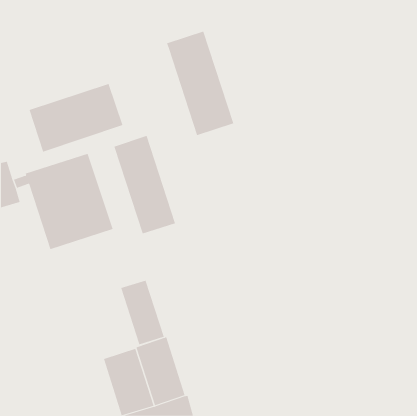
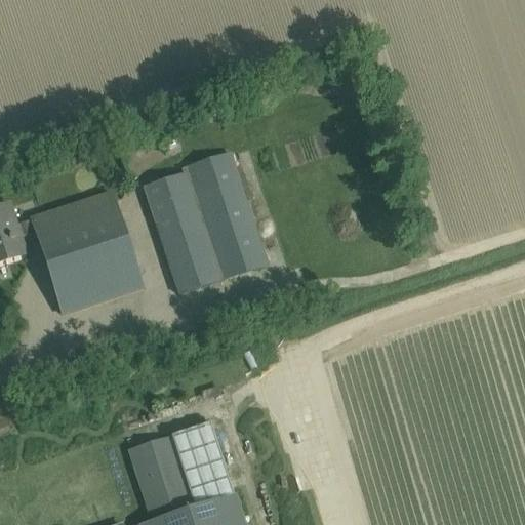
building: [166,31,234,136] -> [184,149,269,280]
building: [29,83,123,152] -> none
building: [120,280,165,345] -> none

